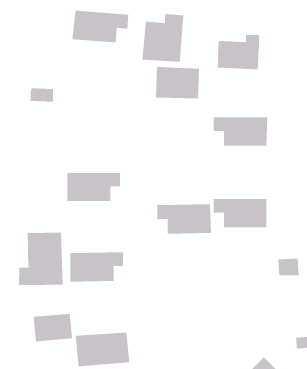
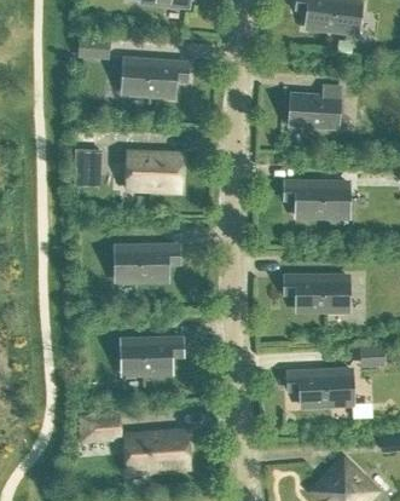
building: [142,13,184,62] -> none
building: [155,66,200,99] -> [128,152,180,190]
building: [156,204,212,234] -> [289,372,353,407]
building: [18,232,63,286] -> none

